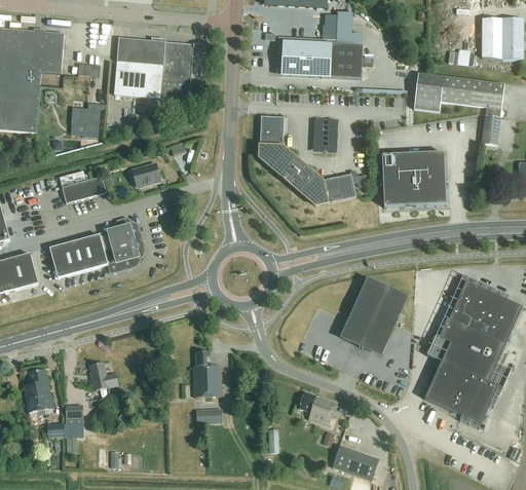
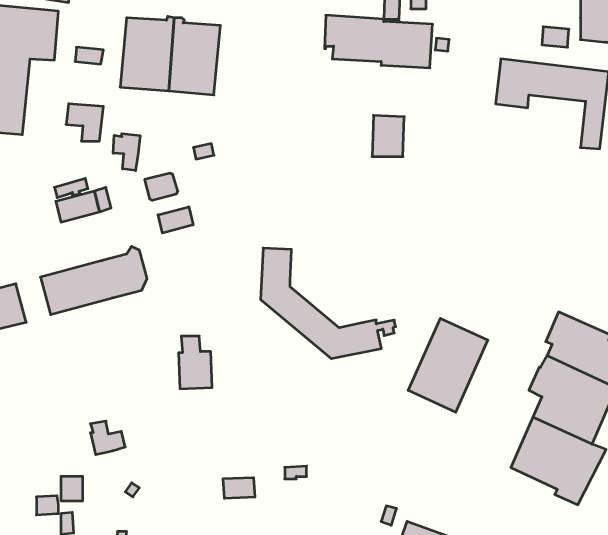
building: [259,116,367,204] -> [261,248,396,359]
building: none -> [113,134,140,171]
building: [381,152,446,206] -> none
building: none -> [158,207,193,233]
building: [194,351,221,393] -> [179,336,212,389]
building: [24,368,52,414] -> none
building: [300,389,338,425] -> none

